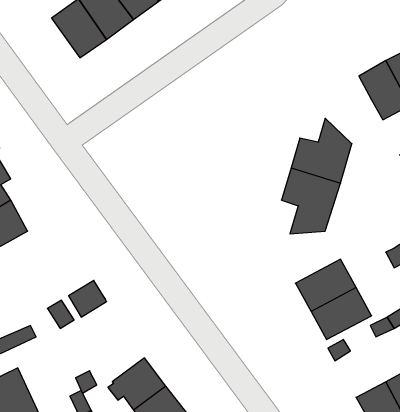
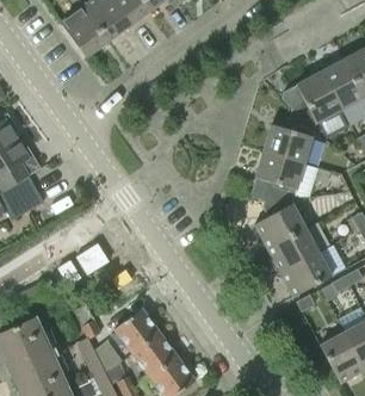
building: none -> [283,72,342,129]
building: none -> [255,203,307,247]

